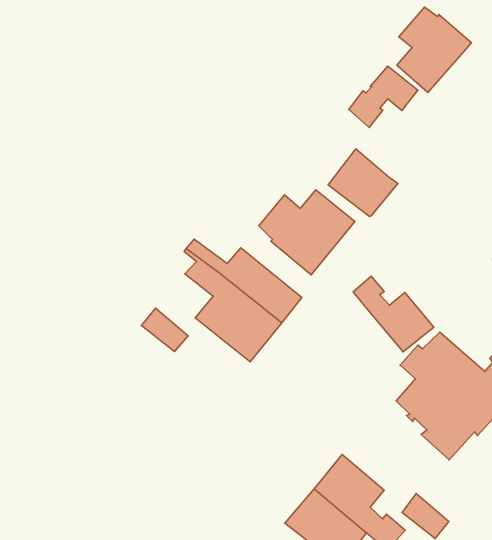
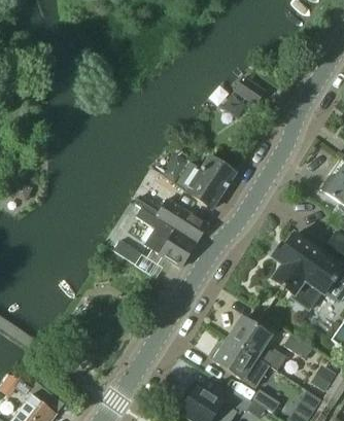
building: [397,7,471,93] -> none
building: [328,149,398,216] -> none
building: [353,276,434,352] -> none

